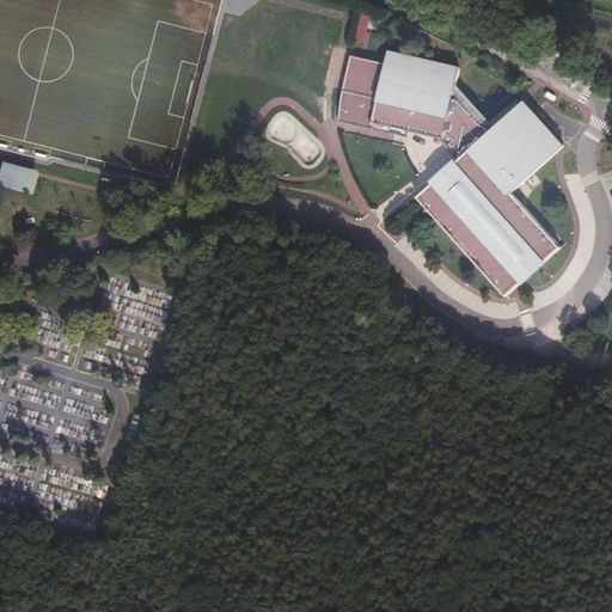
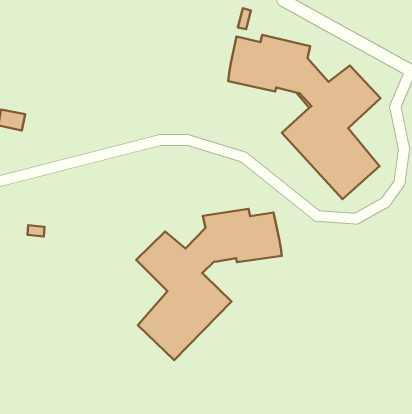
building: none -> [136,209,282,360]

